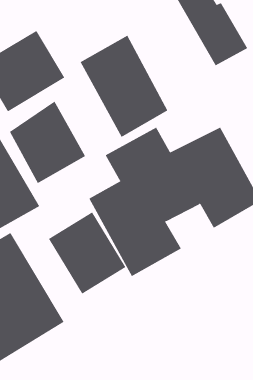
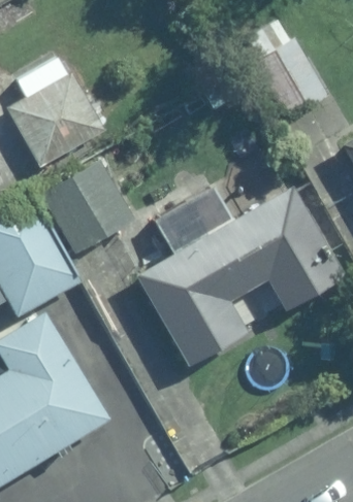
building: [80,35,168,138] -> none
building: [48,212,126,294] -> none

